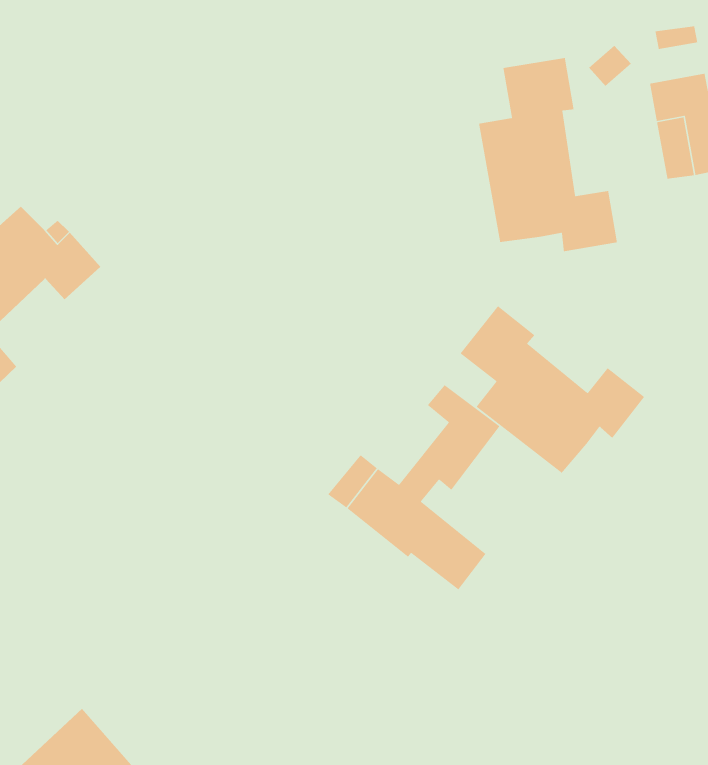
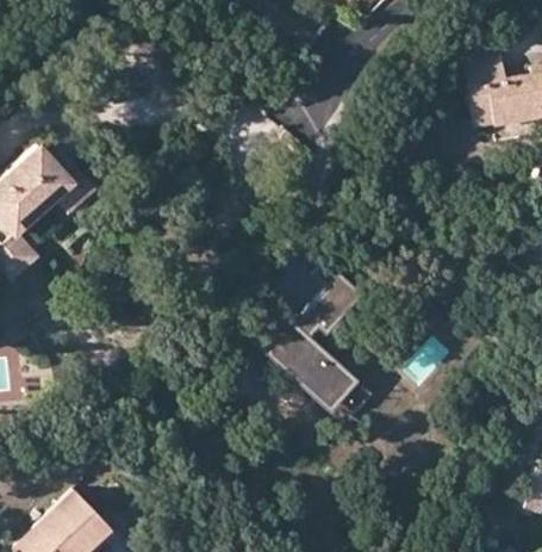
building: [478,57,618,252] -> none
building: [460,305,645,474] -> none

